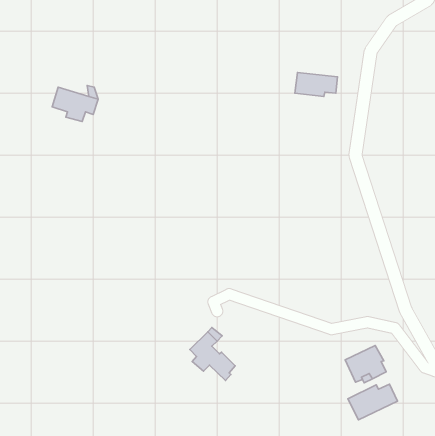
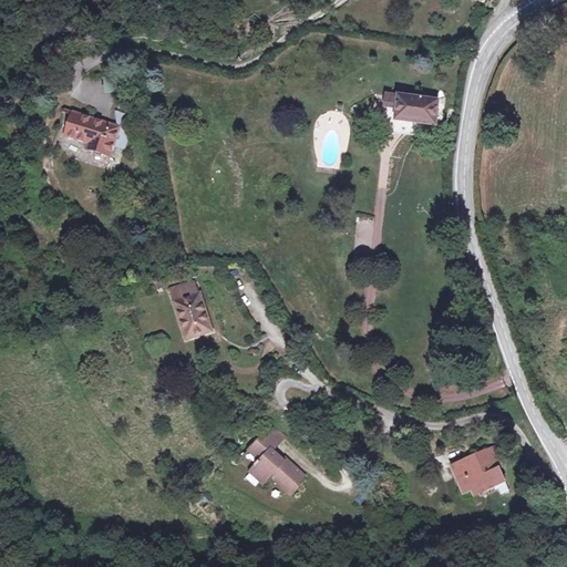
building: none -> [171,277,212,334]
building: [348,384,398,420] -> none

